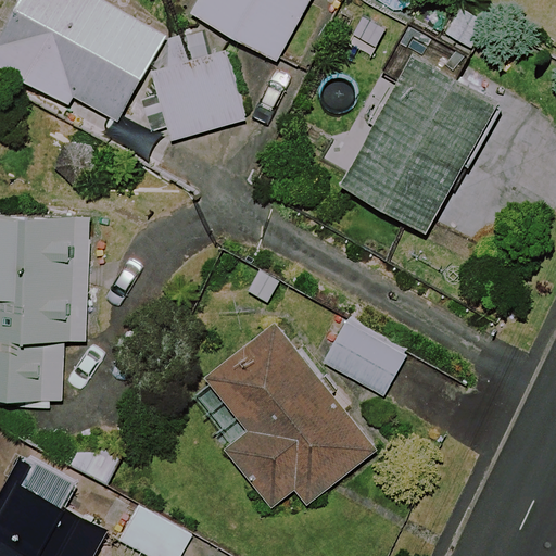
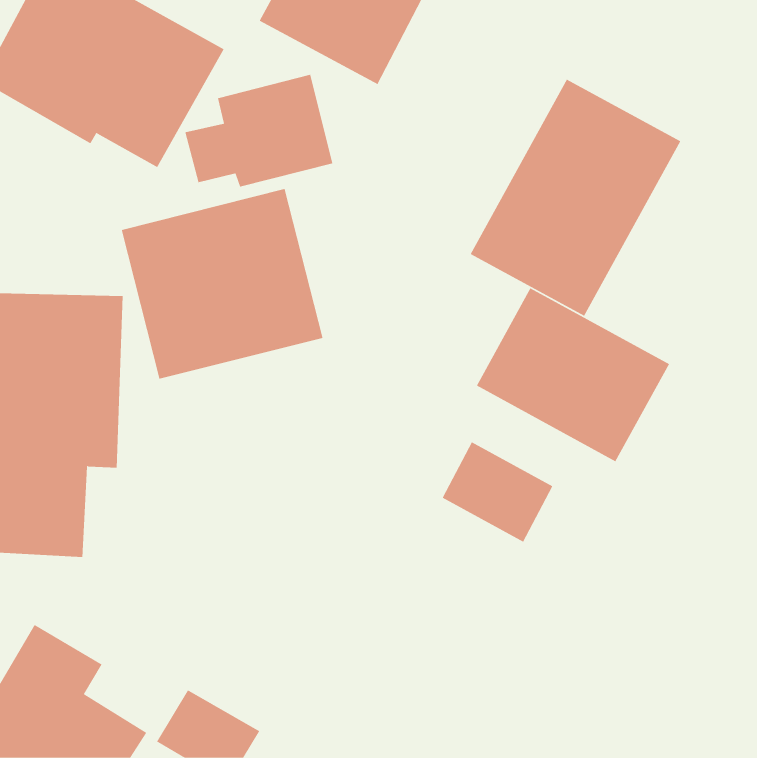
building: none -> [121,188,323,380]
building: none -> [476,288,670,462]
building: [206,323,376,507] -> none

